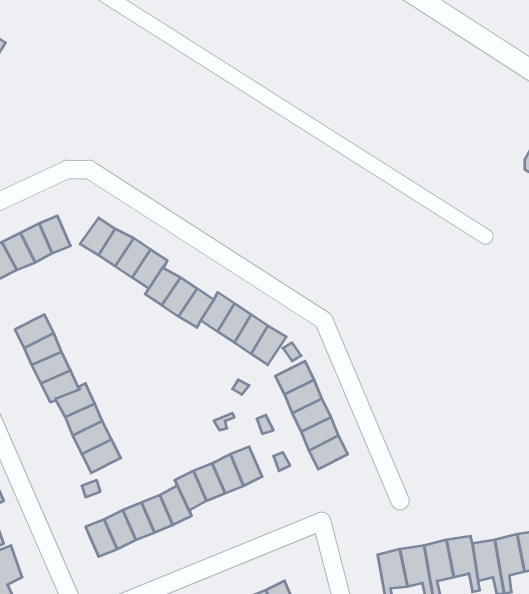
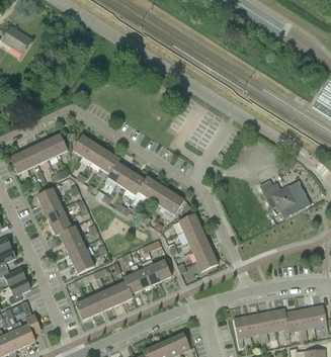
building: none -> [271,180,311,217]

